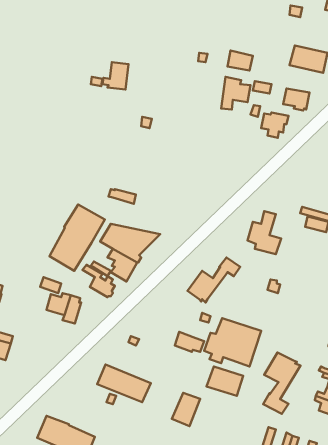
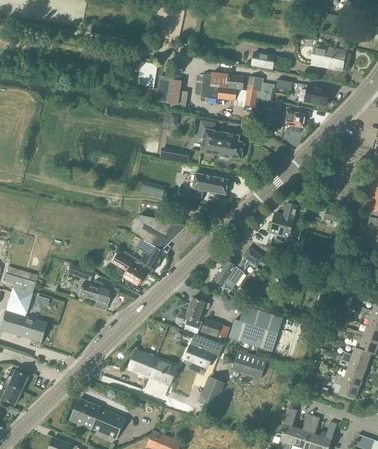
building: none -> [194,72,244,101]
building: none -> [155,76,181,105]
building: none -> [197,119,244,159]
building: none -> [191,172,229,197]
building: [49,204,105,271] -> none
building: none -> [186,298,210,328]
building: none -> [184,334,223,368]
building: [263,352,301,414] -> none

